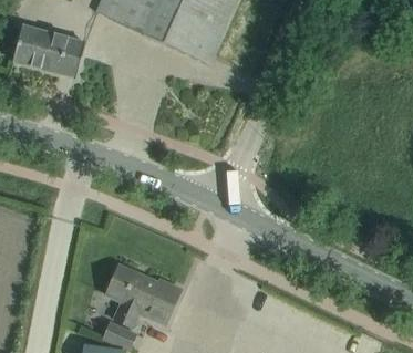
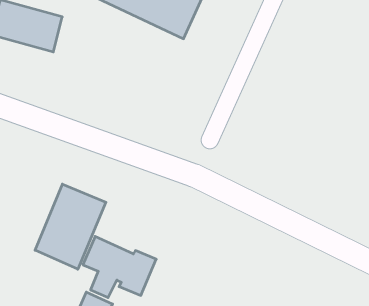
building: none -> [35,184,106,269]

